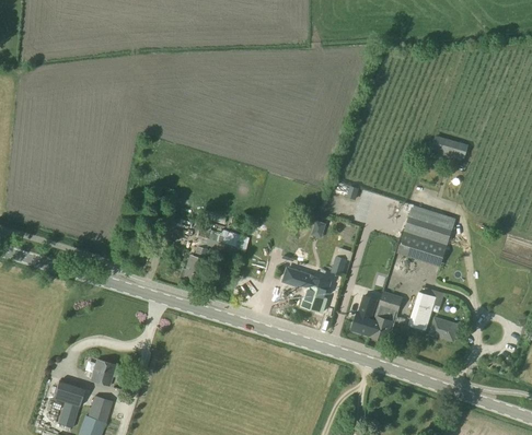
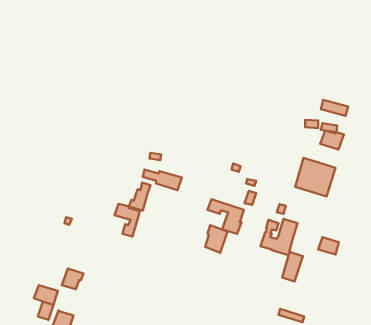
building: none -> [320,130,344,150]
building: none -> [115,204,140,236]
building: [409,291,437,330] -> [282,252,303,282]
building: none -> [205,225,227,253]
building: [88,395,113,421] -> none

